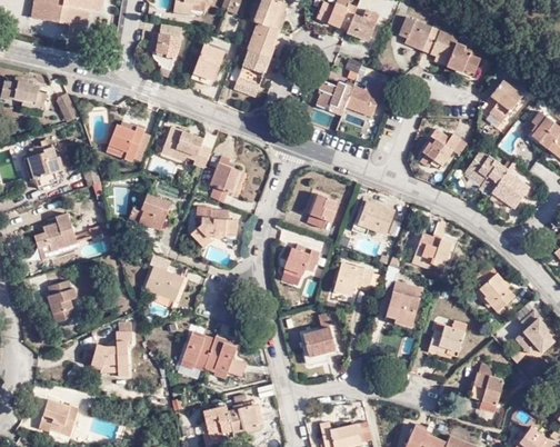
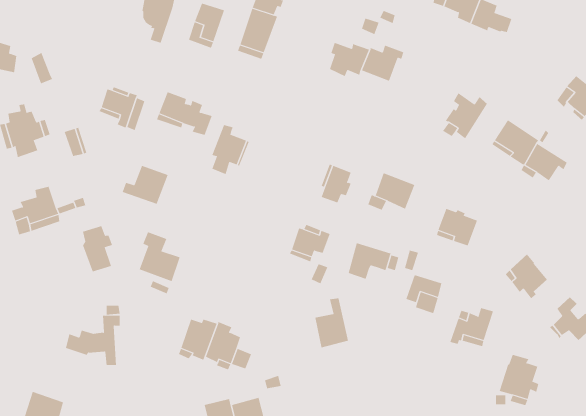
building: [489,81,523,123] -> none
building: [192,208,239,245] -> none
building: [46,278,73,320] -> [82,225,113,272]

